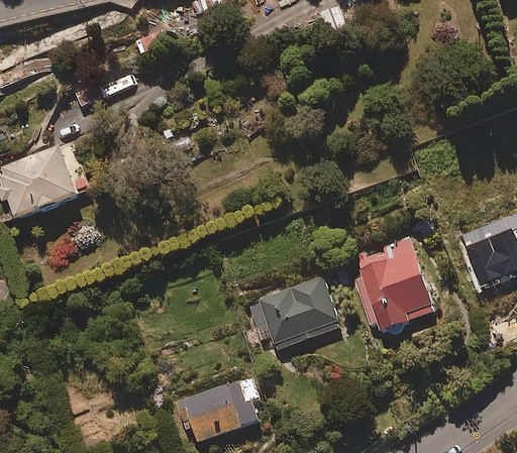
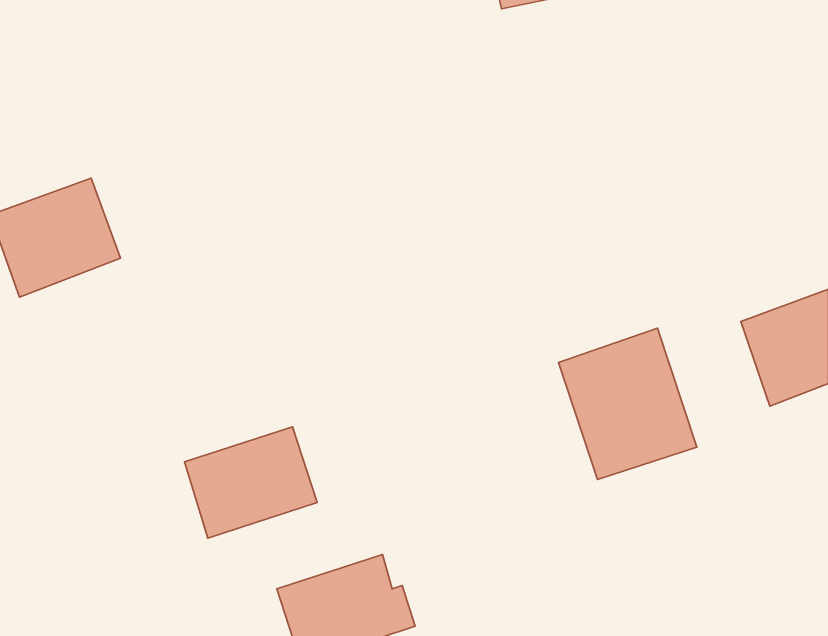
building: [260,277,341,350] -> none
building: none -> [184,427,317,538]

